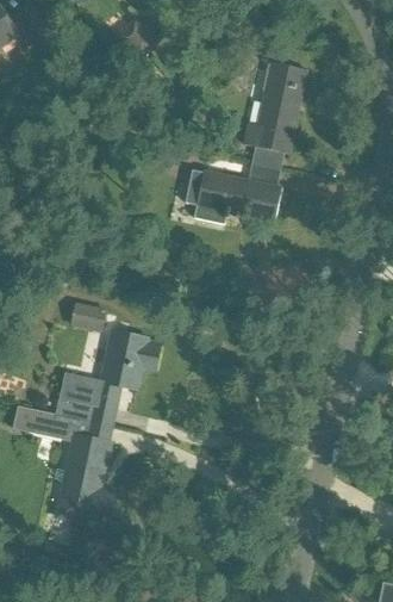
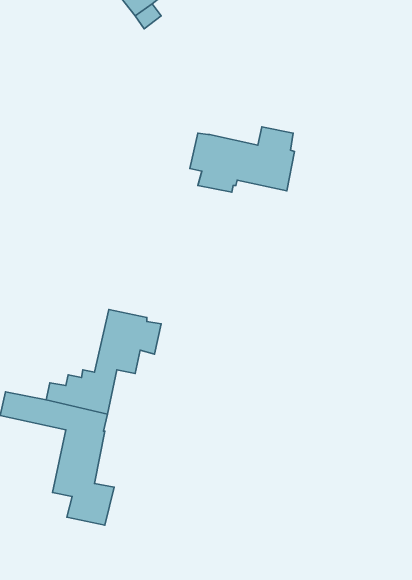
building: [243,61,306,169] -> none
building: [71,302,107,331] -> none

